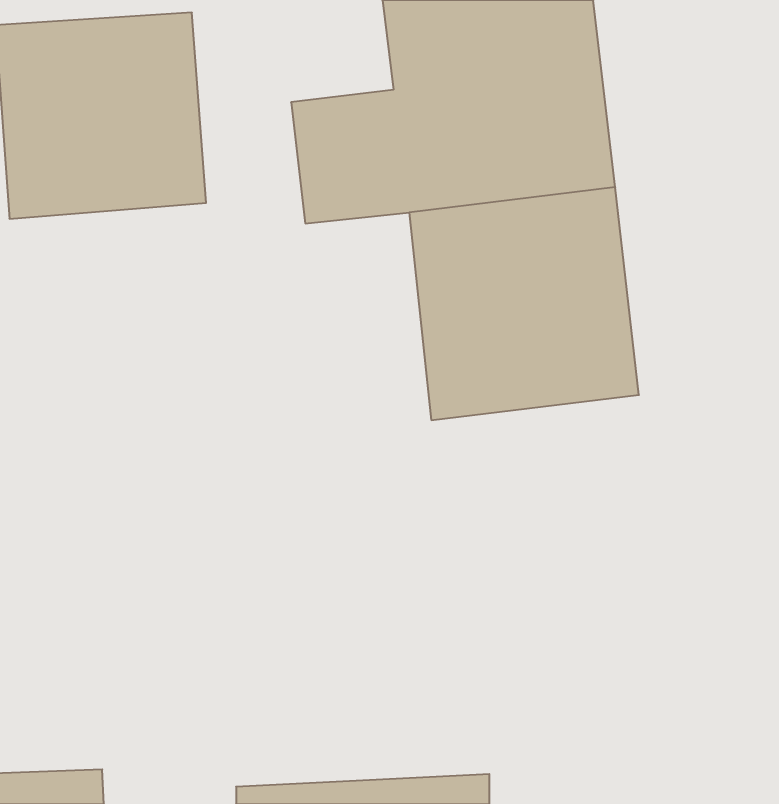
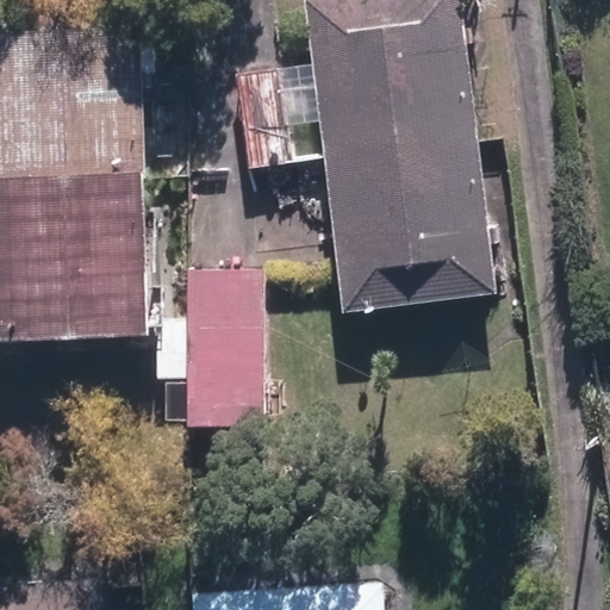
building: none -> [7,154,168,328]
building: none -> [193,263,270,419]

